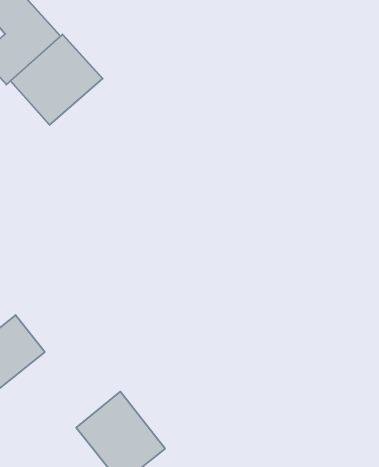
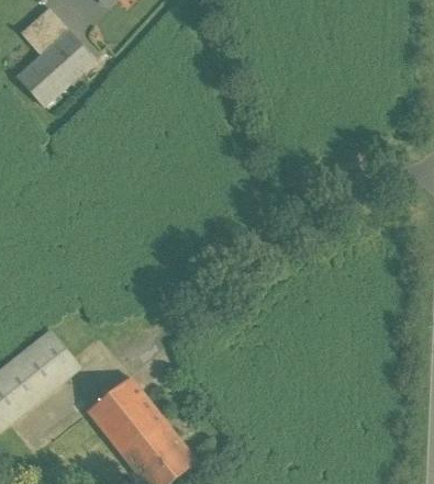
building: [10,34,103,125] -> none
building: none -> [87,376,153,440]

